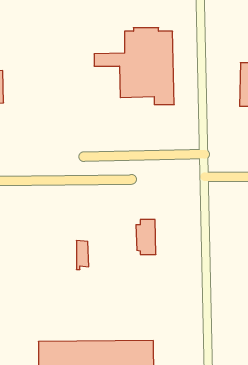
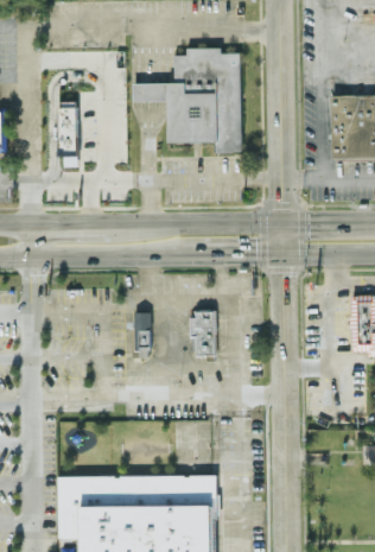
building: none -> [57,101,78,167]
building: [76,241,89,269] -> [134,312,151,351]

